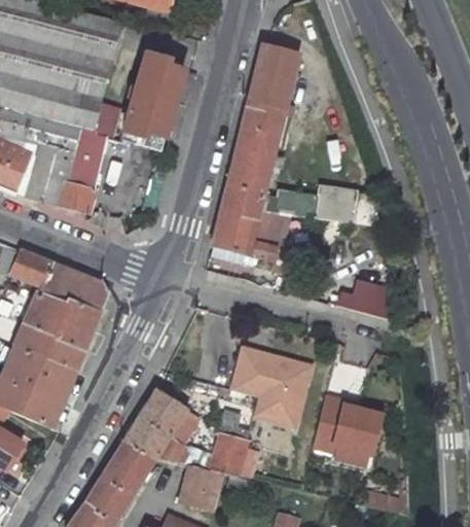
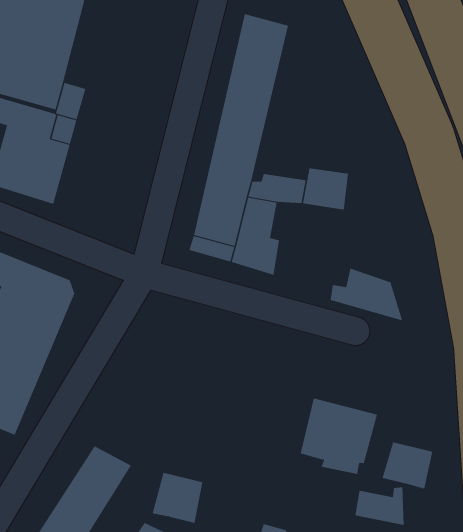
building: [120,47,190,139] -> none
building: [229,343,314,430] -> none
building: [121,389,203,464] -> none
building: [206,431,259,479] -> none
building: none -> [382,442,433,490]

